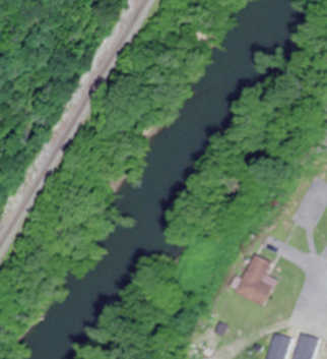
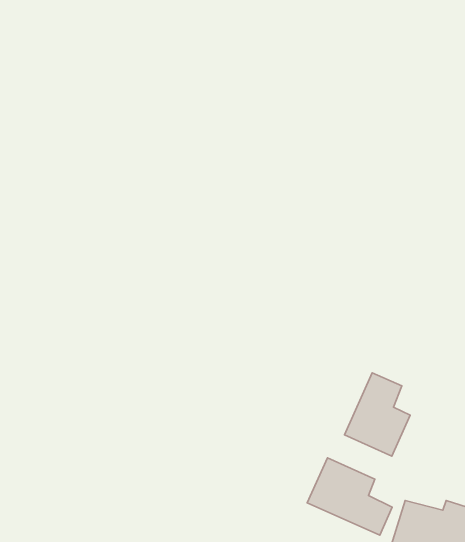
building: none -> [307,458,392,535]

